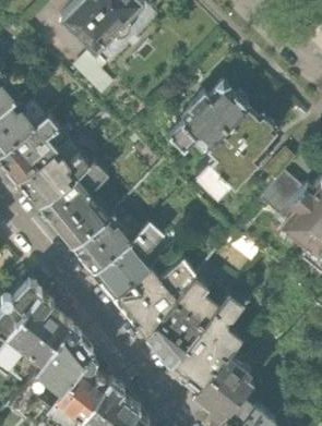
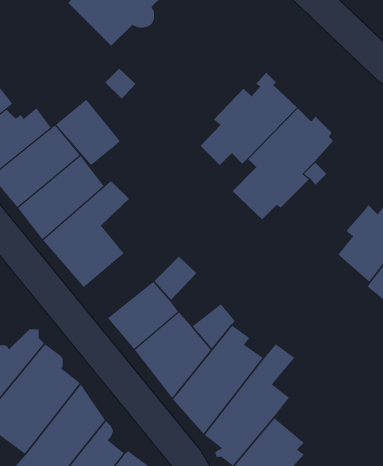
building: none -> [55,99,120,166]
building: [262,167,305,210] -> none
building: [73,219,131,272] -> none

